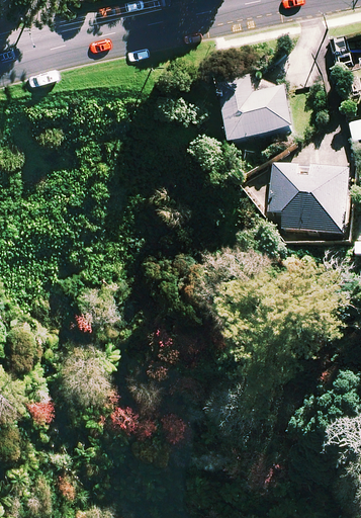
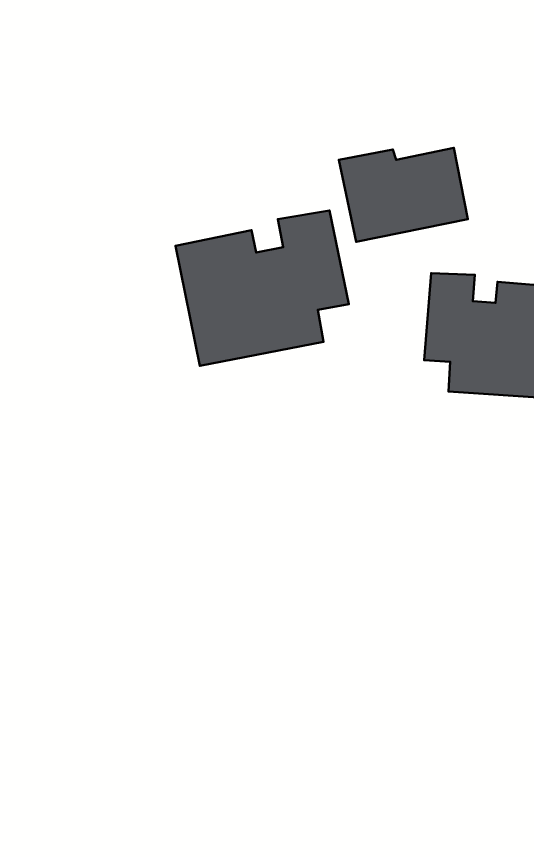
building: none -> [175,210,349,366]

